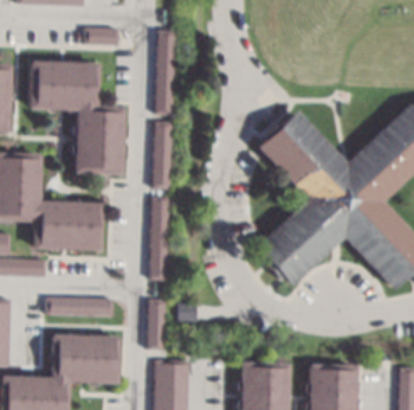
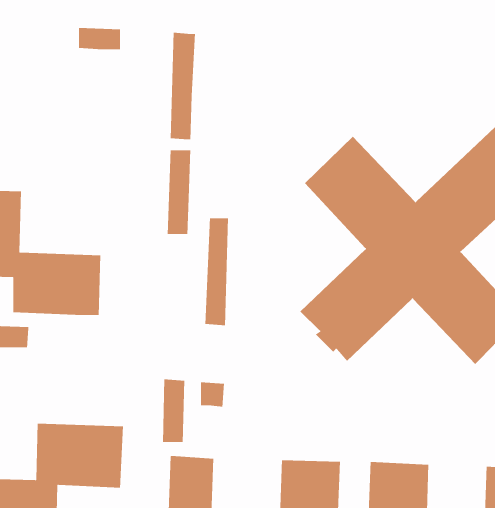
building: [31,62,124,175] -> none
building: [153,197,172,281] -> [205,218,229,326]
building: [47,297,115,316] -> none

